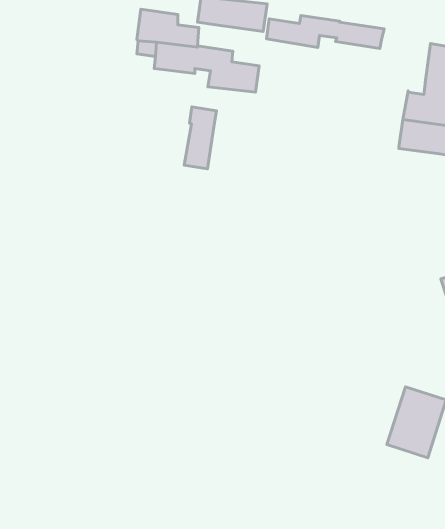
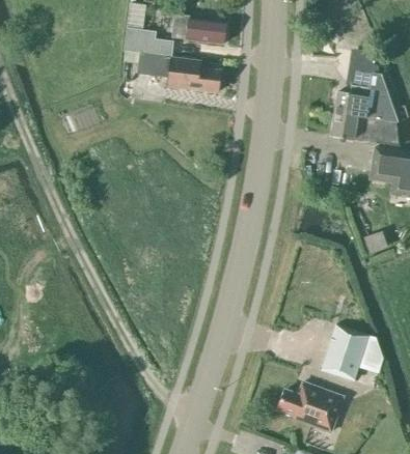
building: [266,16,384,48] -> none
building: [184,107,216,169] -> none
building: none -> [278,381,344,431]

